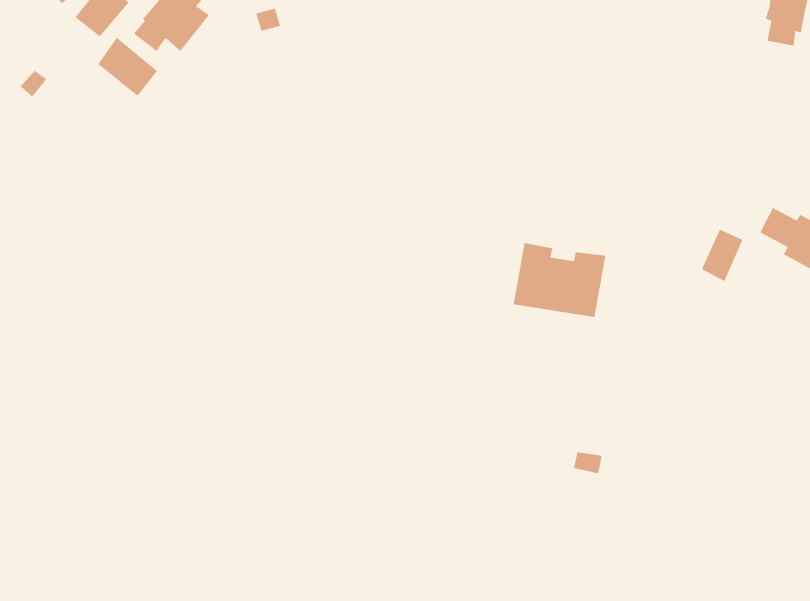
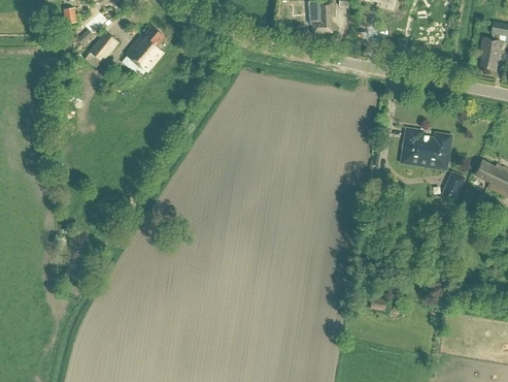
building: [98,37,158,96] -> none
building: [513,243,606,317] -> [400,127,452,169]

